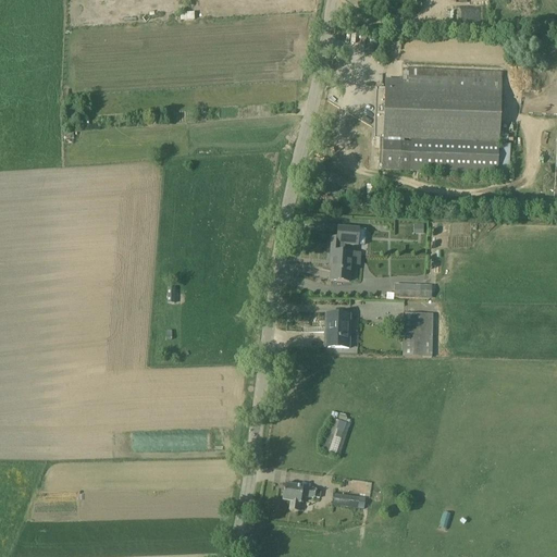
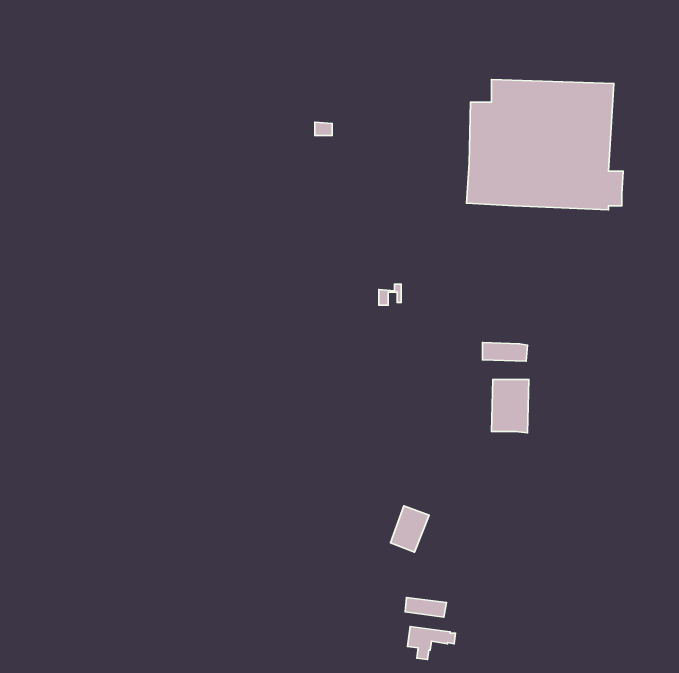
building: [330,225,359,278] -> none
building: [325,311,349,346] -> none
building: [282,481,321,508] -> [408,626,455,660]

